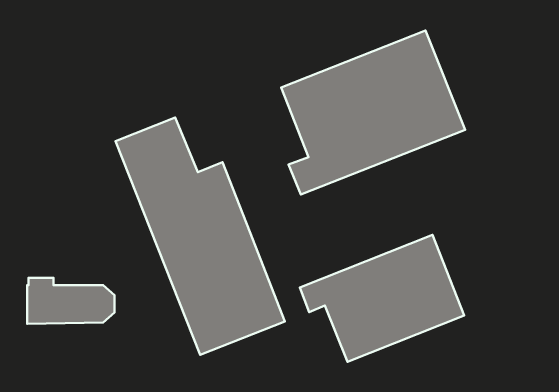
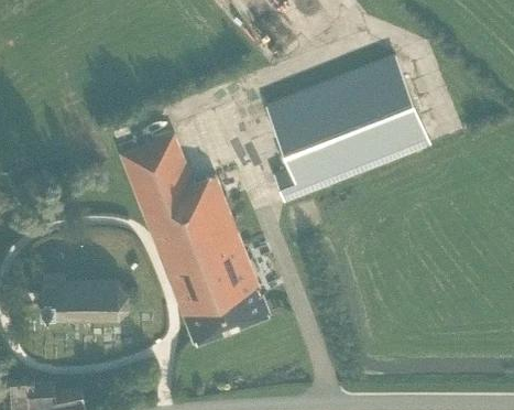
building: [300,235,464,362] -> none

